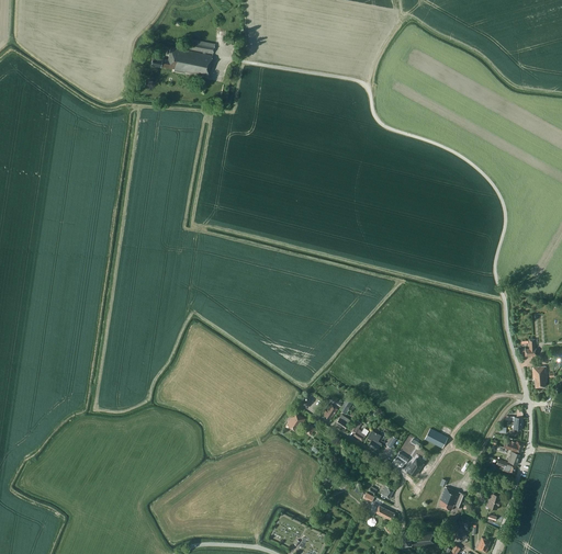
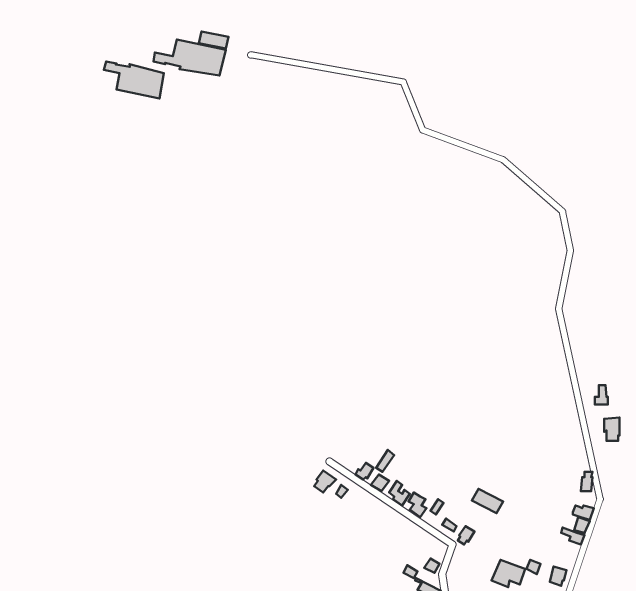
building: none -> [104,61,164,99]

